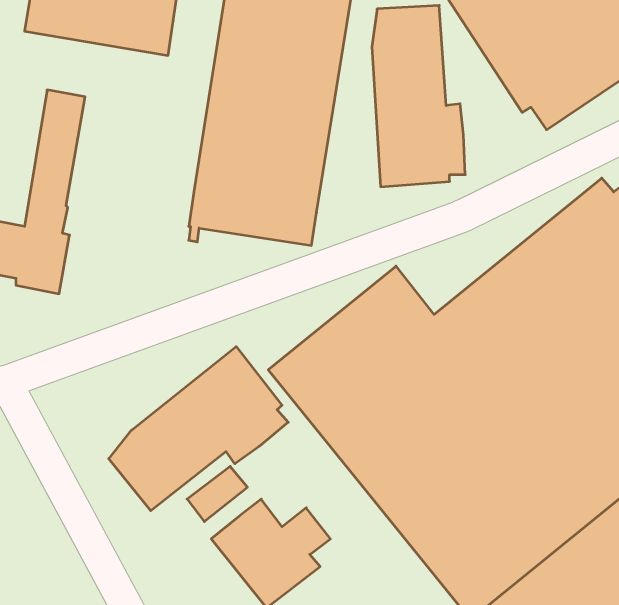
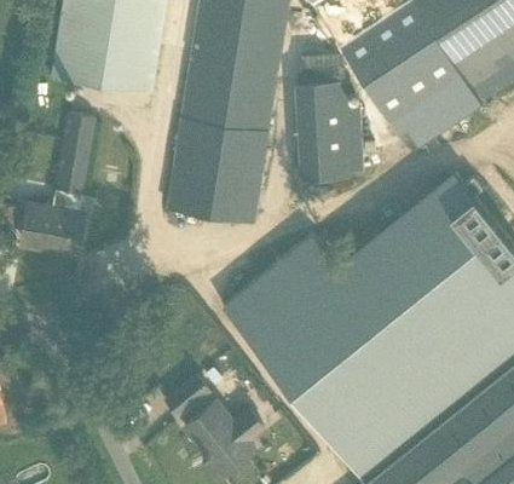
building: [109,347,288,511] -> none

